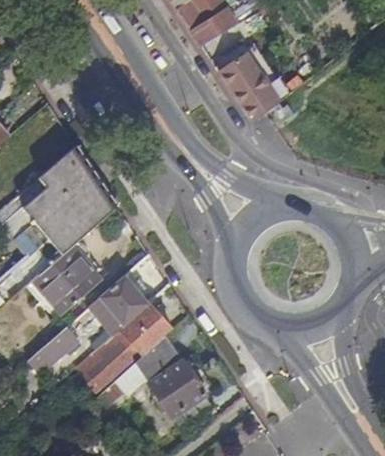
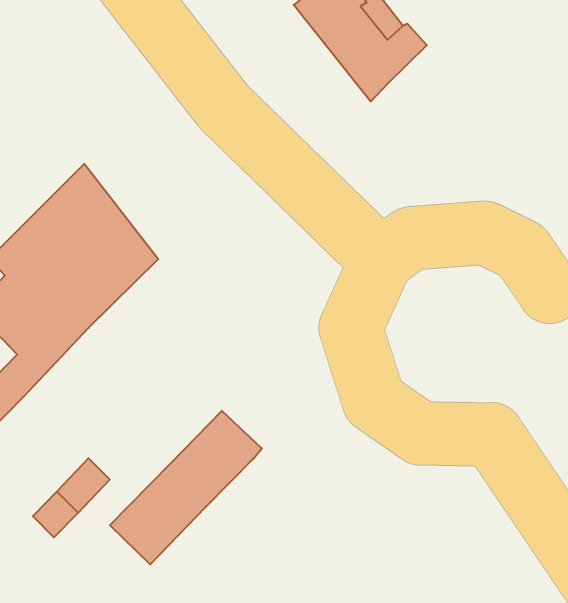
building: [27,247,99,316] -> none
building: [90,275,148,334] -> none
building: [134,335,205,418] -> none

